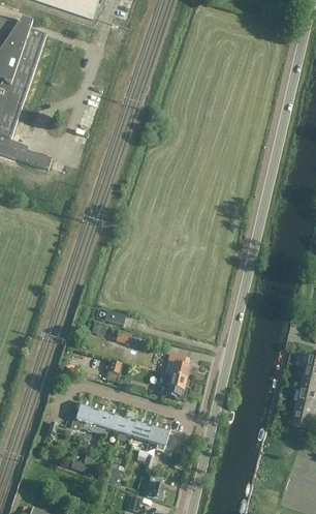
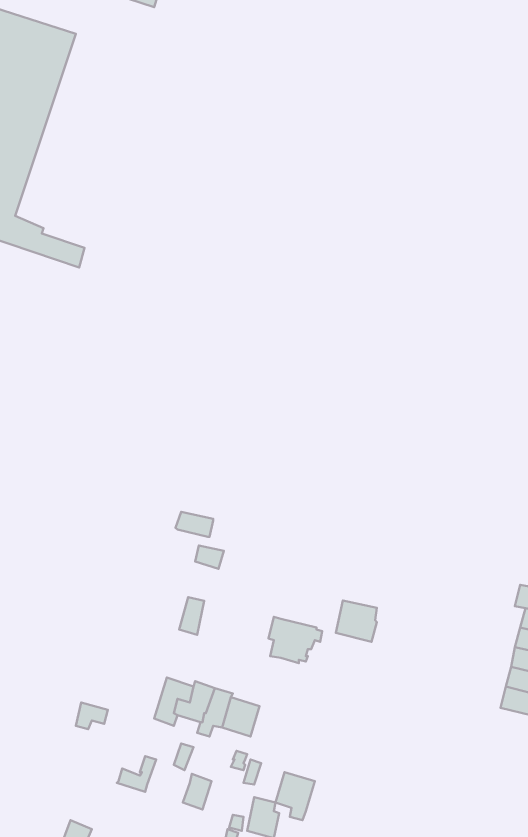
building: [164,353,188,376] -> [336,601,377,642]
building: [70,400,98,429] -> none
building: [147,422,169,450] -> [276,772,315,820]

